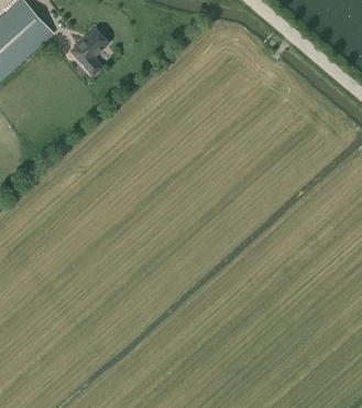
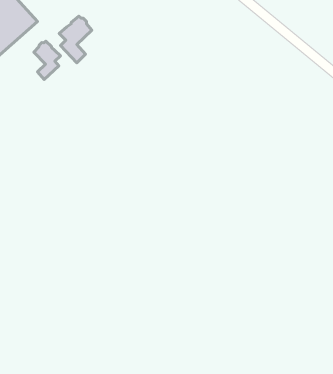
building: none -> [34,41,60,79]

